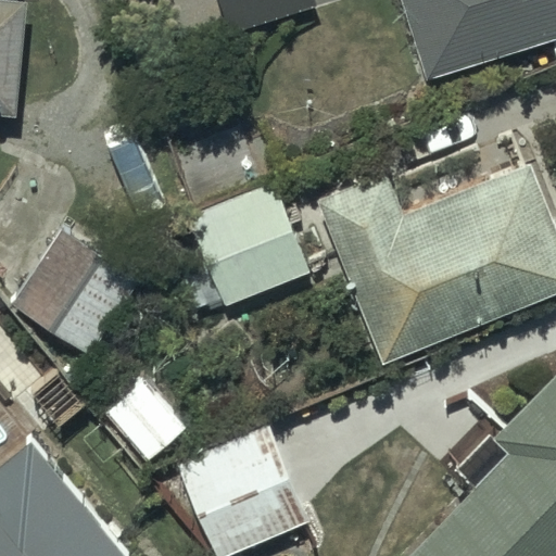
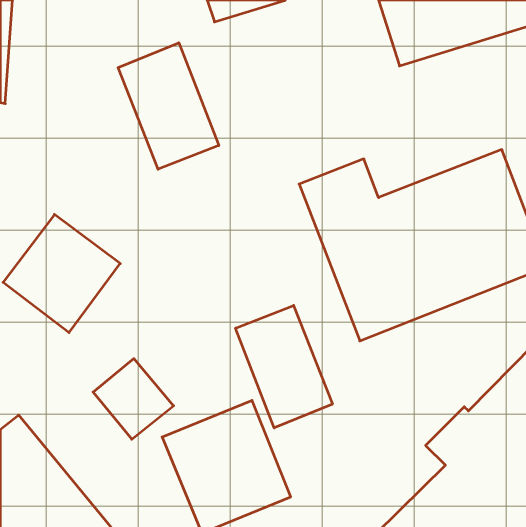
building: none -> [118,43,219,169]
building: [168,184,313,308] -> none
building: none -> [236,305,332,428]

